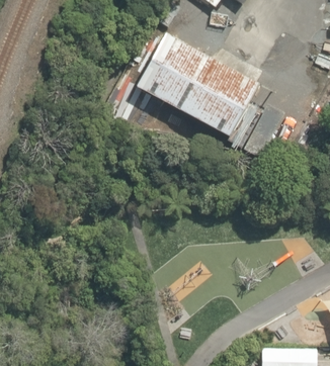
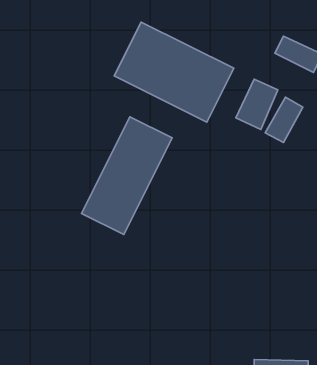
building: none -> [82,117,172,234]

